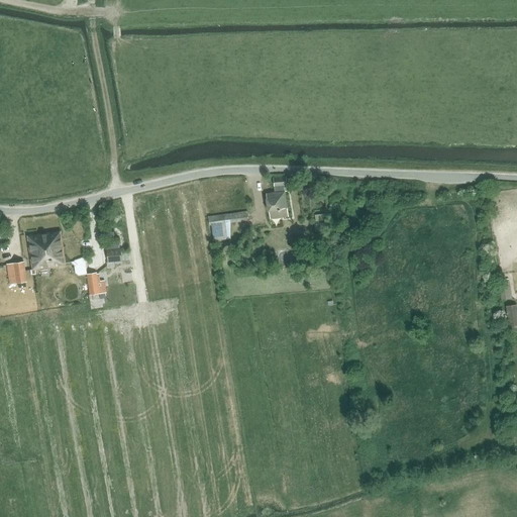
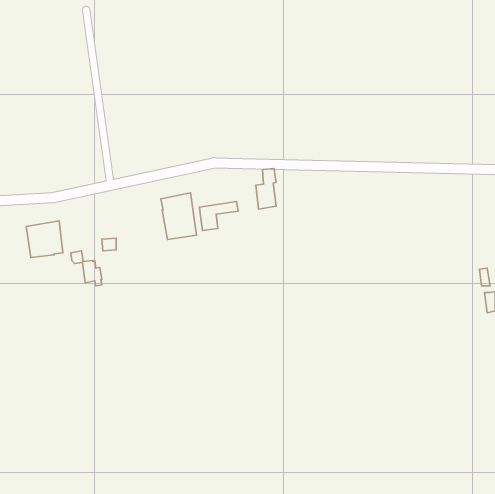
building: none -> [161,193,197,240]
building: [7,262,27,287] -> none

